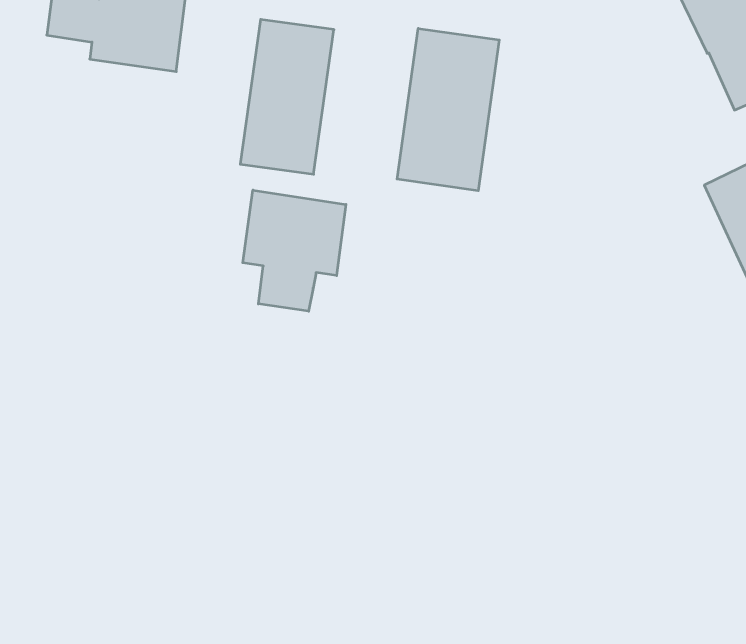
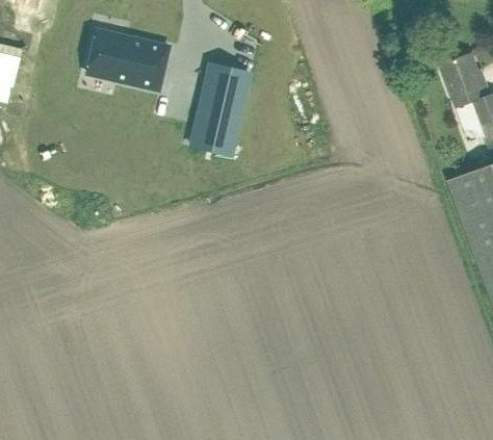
building: [397,28,499,191] -> none
building: [243,190,346,311] -> none

